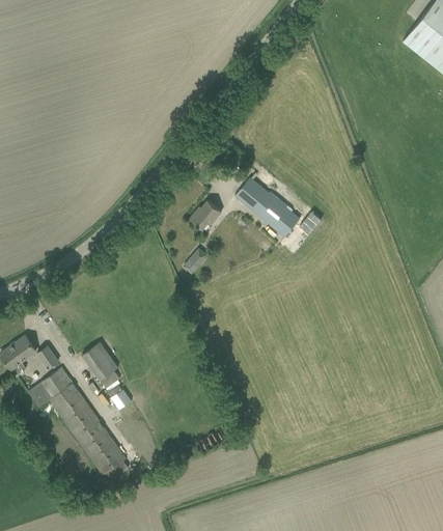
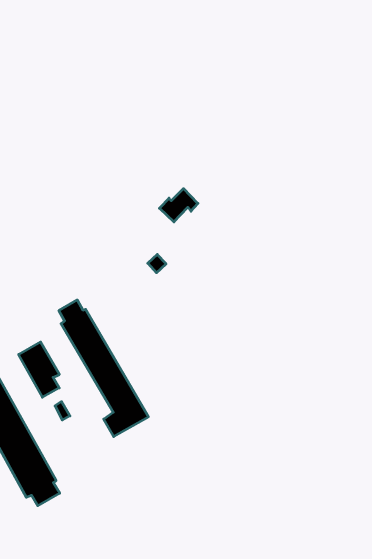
building: [236,177,301,237] -> none
building: none -> [59,300,148,437]

